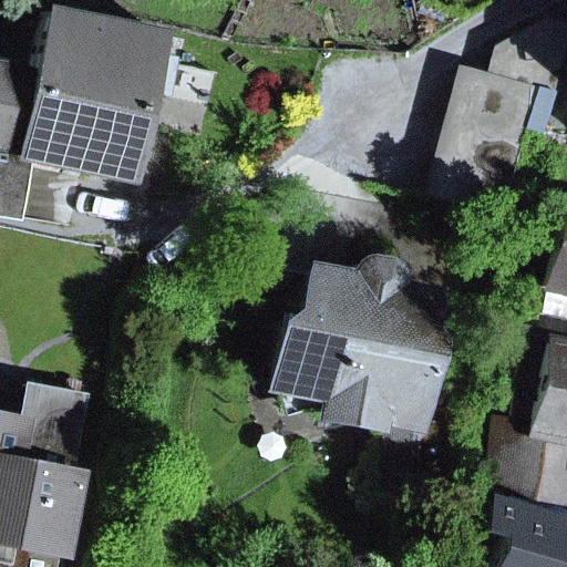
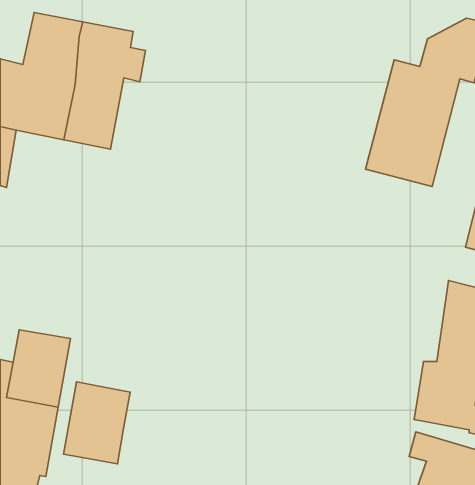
building: [228,262,439,427] -> none
building: none -> [64,382,130,464]

